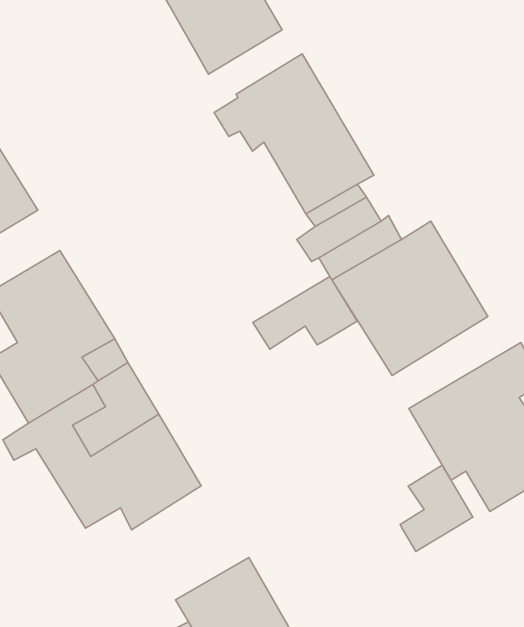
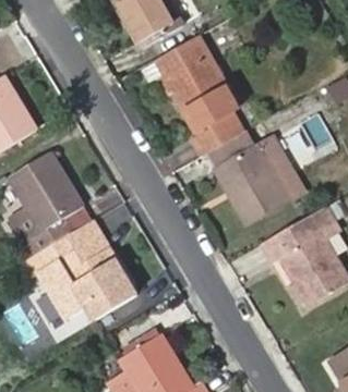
building: [253,277,357,349] -> none
building: [400,465,473,552] -> none

